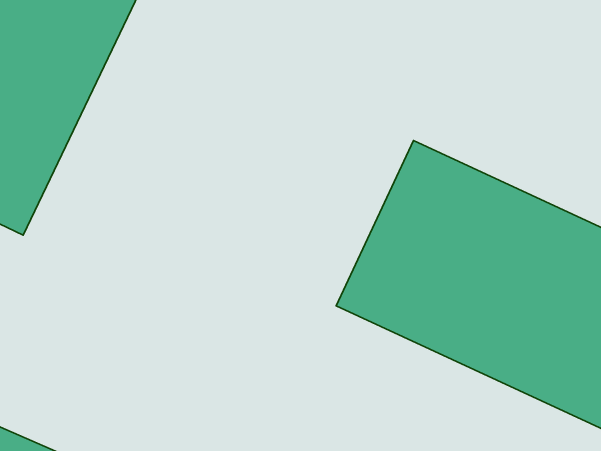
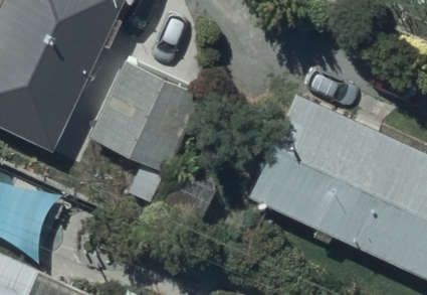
building: none -> [89,61,202,174]

